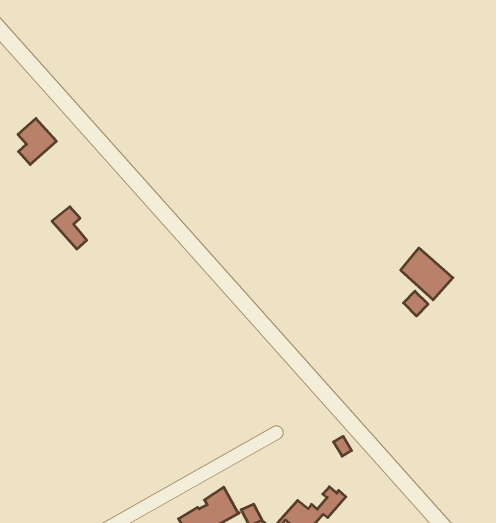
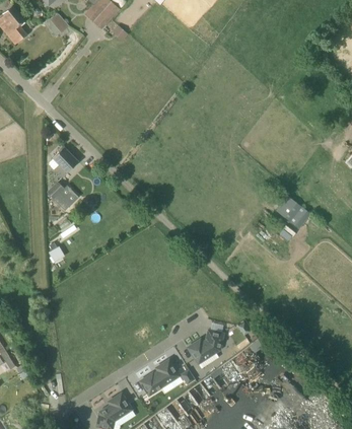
building: [18,118,56,165] -> [52,147,77,177]
building: none -> [187,331,222,363]

